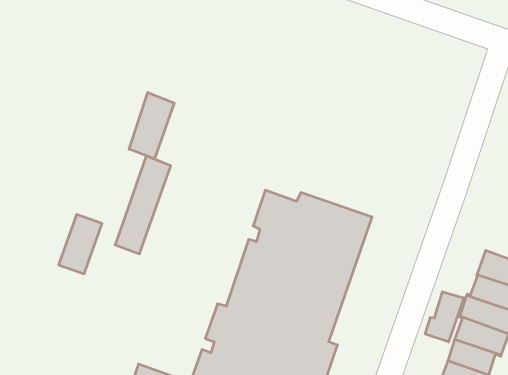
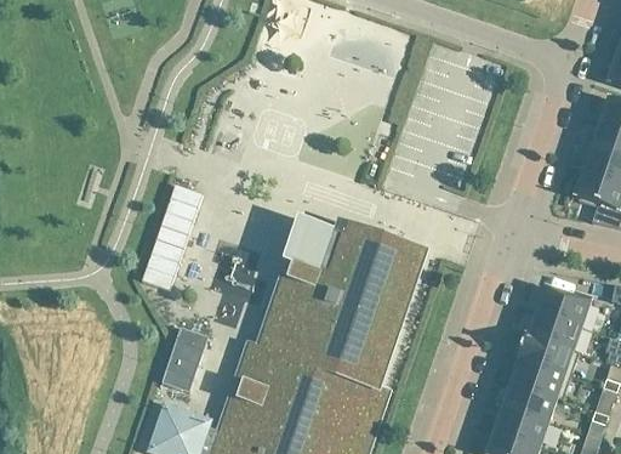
building: [129,92,174,159] -> none
building: [59,215,102,274] -> [160,327,207,391]
building: [425,292,464,342] -> none

